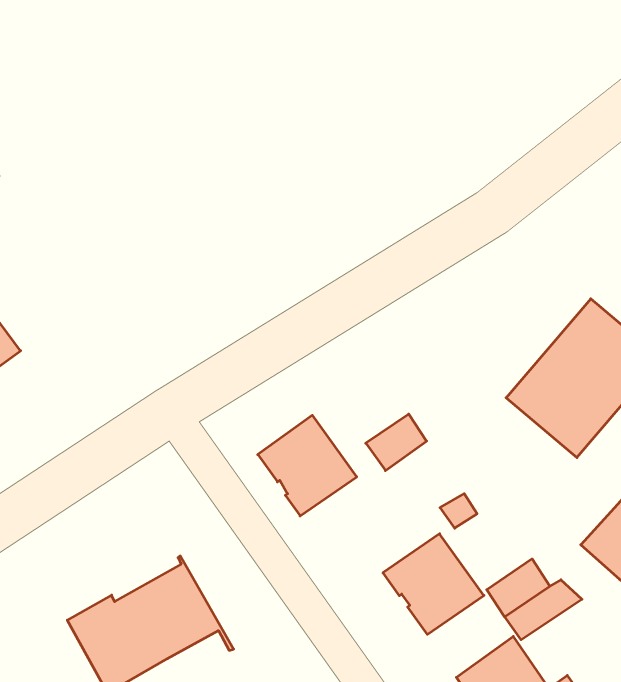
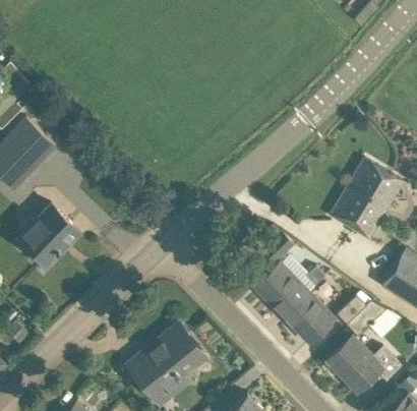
building: [258,415,357,516] -> [256,263,308,315]

